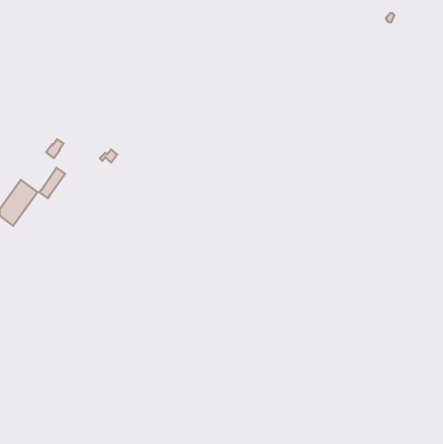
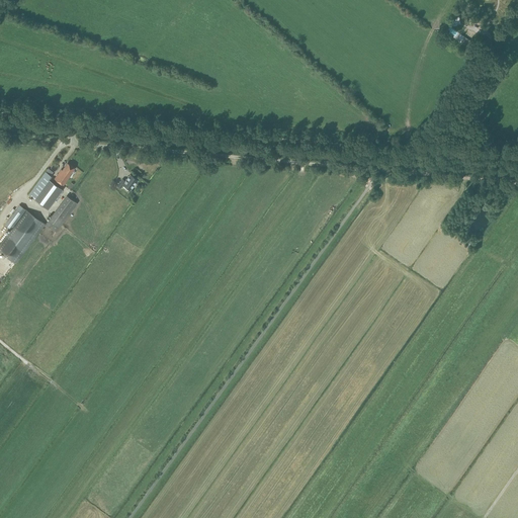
building: none -> [27,171,62,209]

